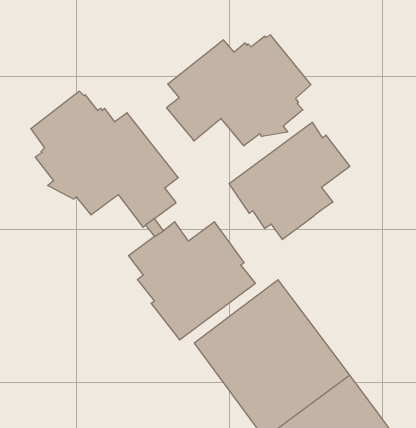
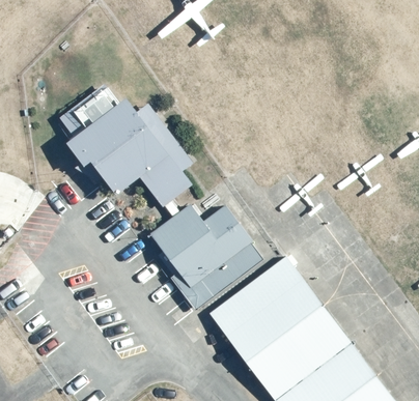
building: [167,35,311,146] -> none
building: [229,122,350,240] -> none

